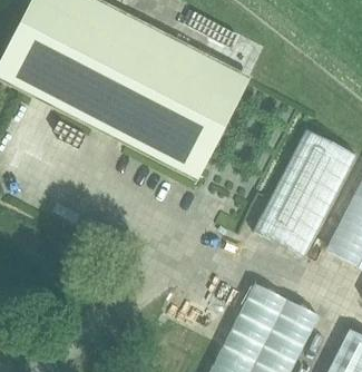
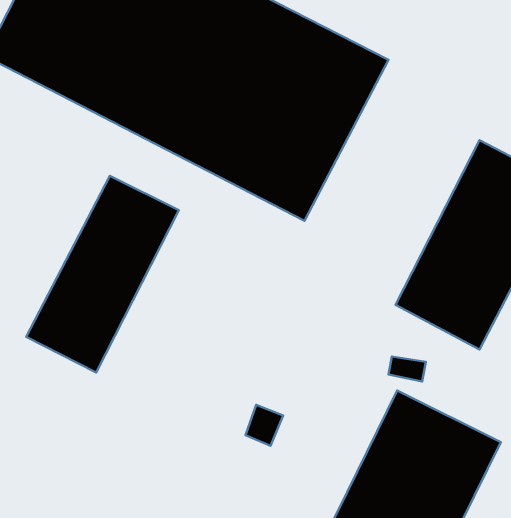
building: none -> [26,176,179,373]

